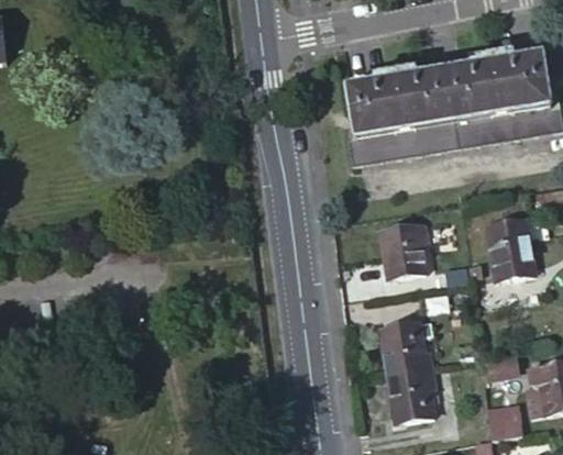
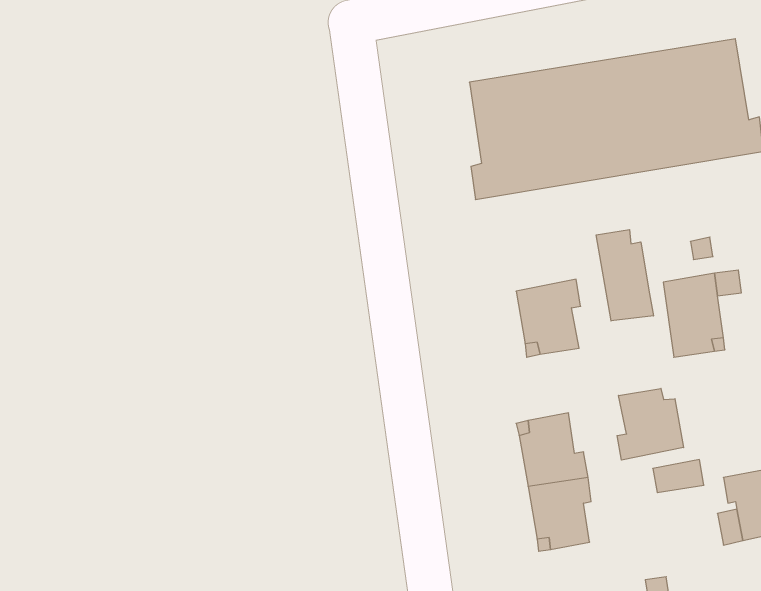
building: none -> [596,230,653,321]
building: none -> [617,388,684,460]
building: [488,404,523,441] -> none

